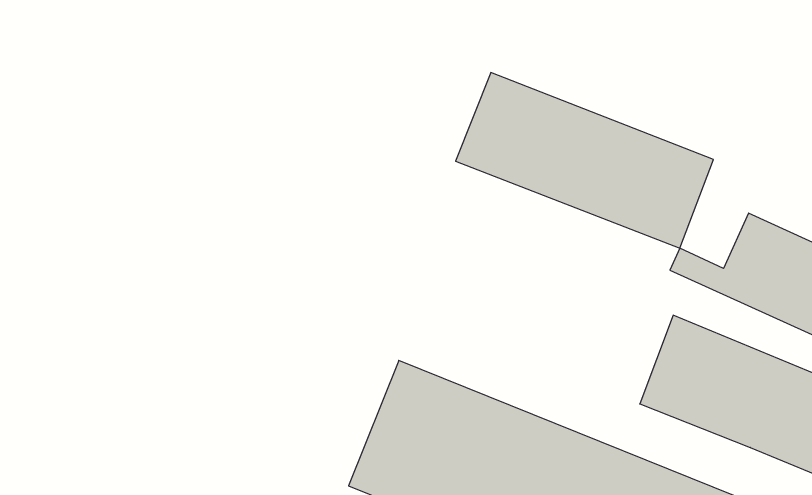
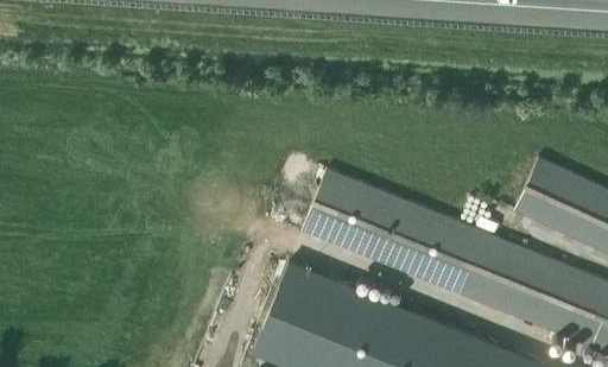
building: [456,73,713,248] -> [302,170,484,295]

